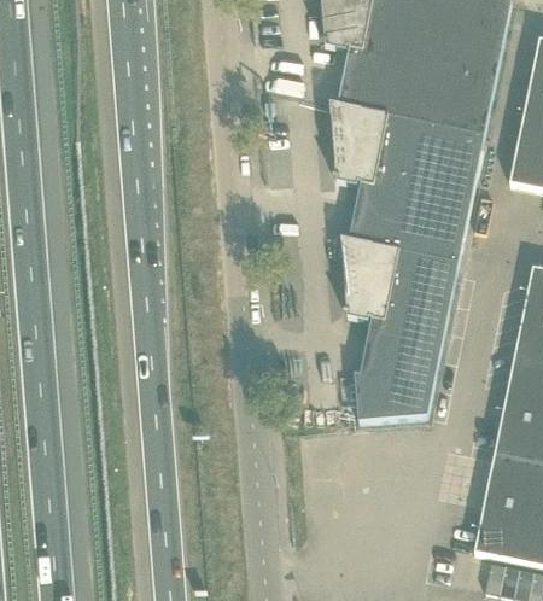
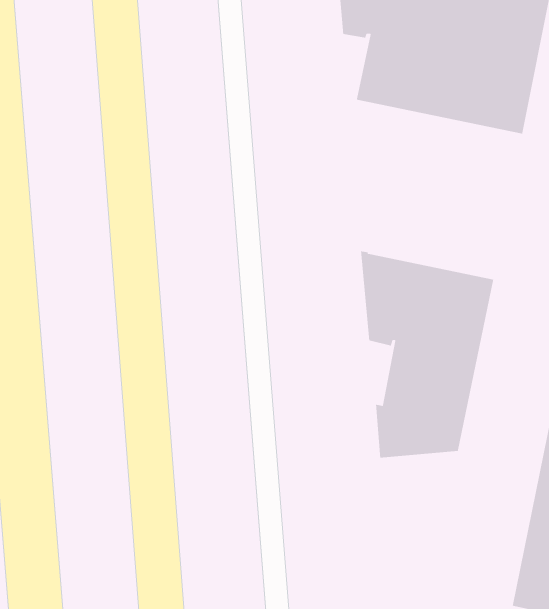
building: [331,100,485,261] -> none

